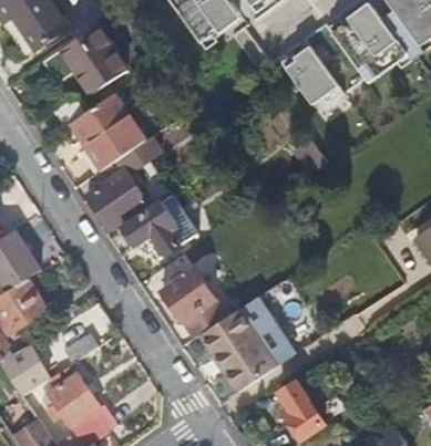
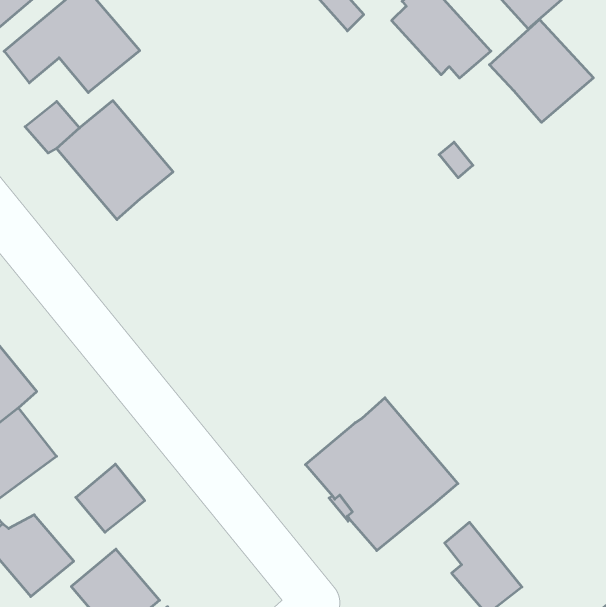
building: none -> [489,20,593,122]
building: [88,137,162,228] -> none
building: [125,203,182,255] -> none
building: [162,268,226,335] -> none

